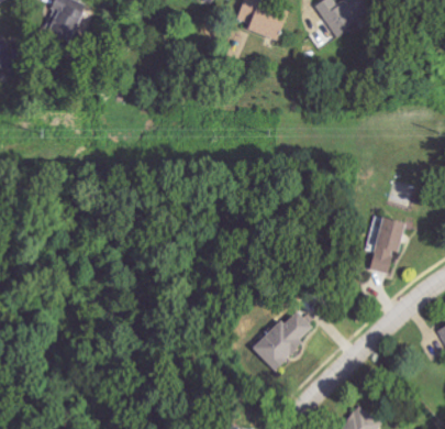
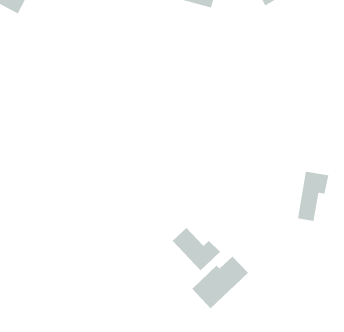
building: none -> [172,227,221,271]

